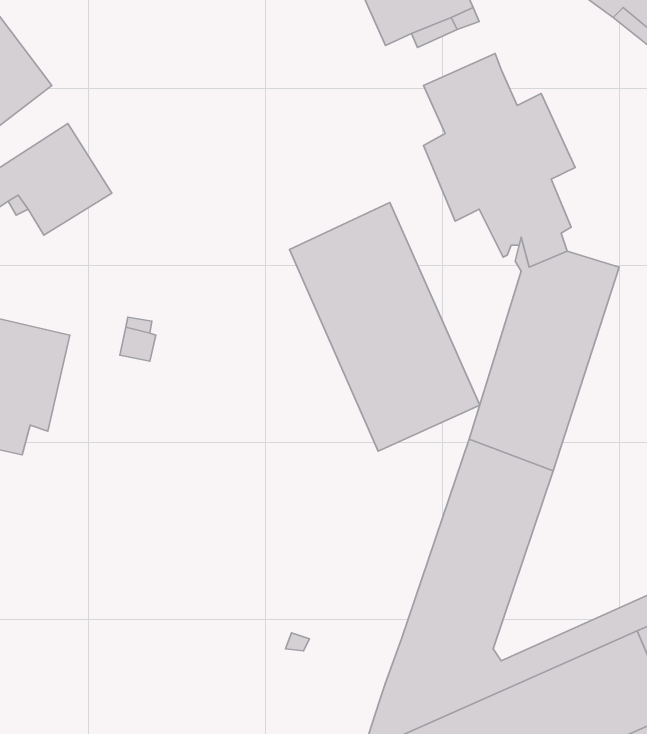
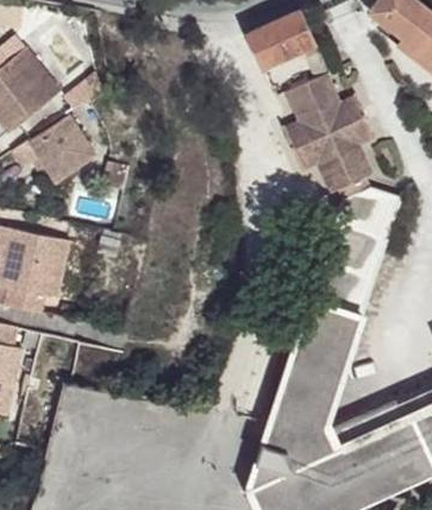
building: [290,202,480,451] -> none

